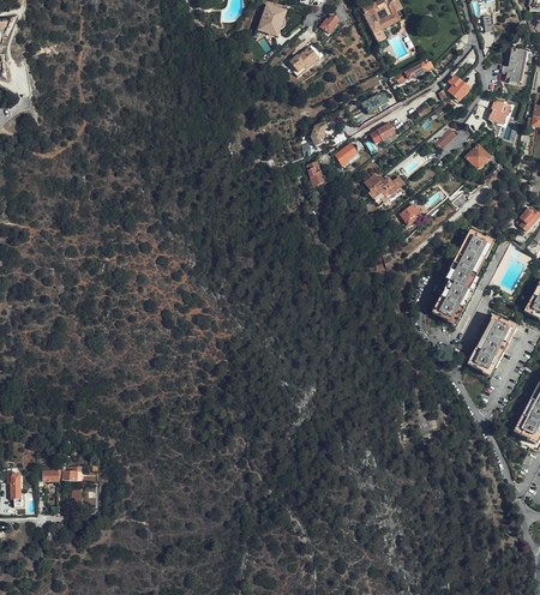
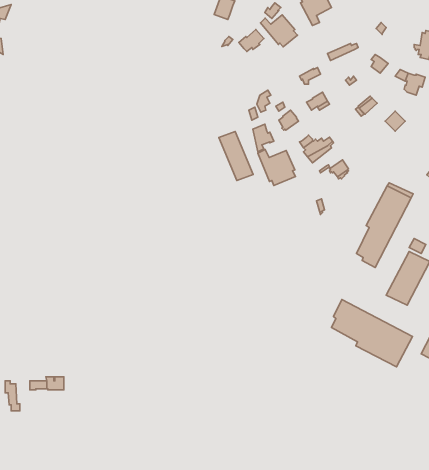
building: none -> [260,15,297,47]
building: none -> [219,132,253,181]
building: none -> [258,149,296,185]
building: none -> [332,300,413,367]

